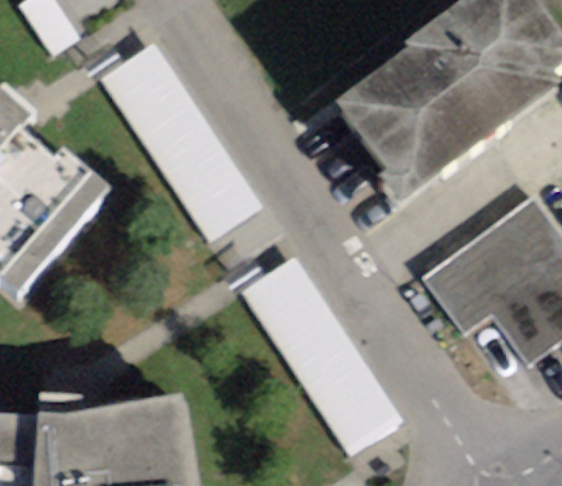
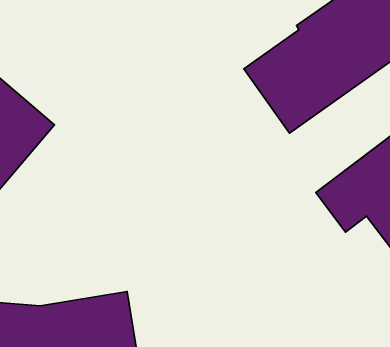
building: [100,39,263,242] -> none
building: [241,255,404,457] -> none

